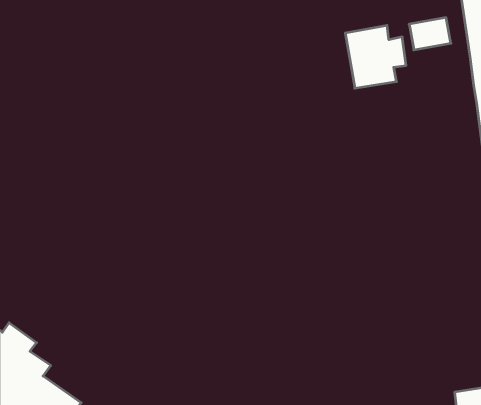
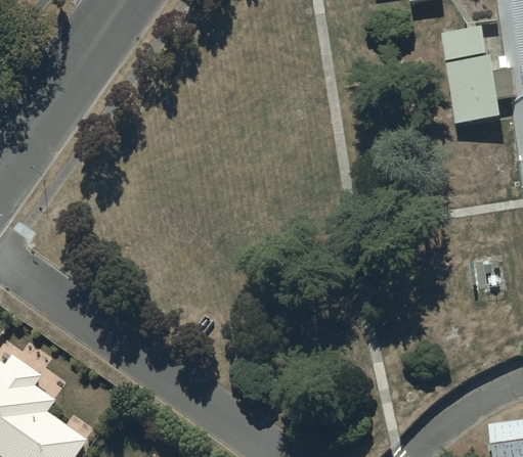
building: [345,25,406,88] -> [446,54,512,122]

